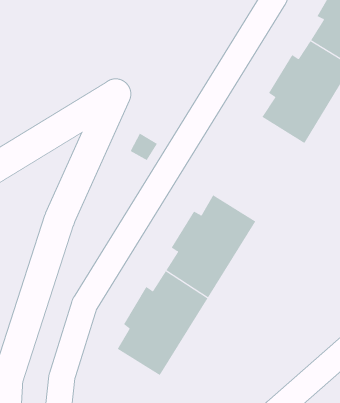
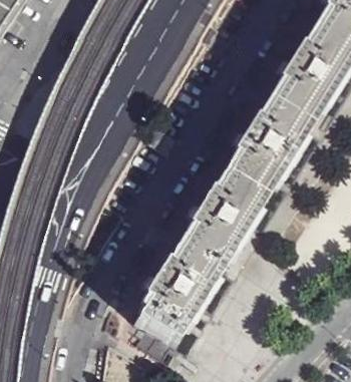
building: none -> [224,109,309,207]

